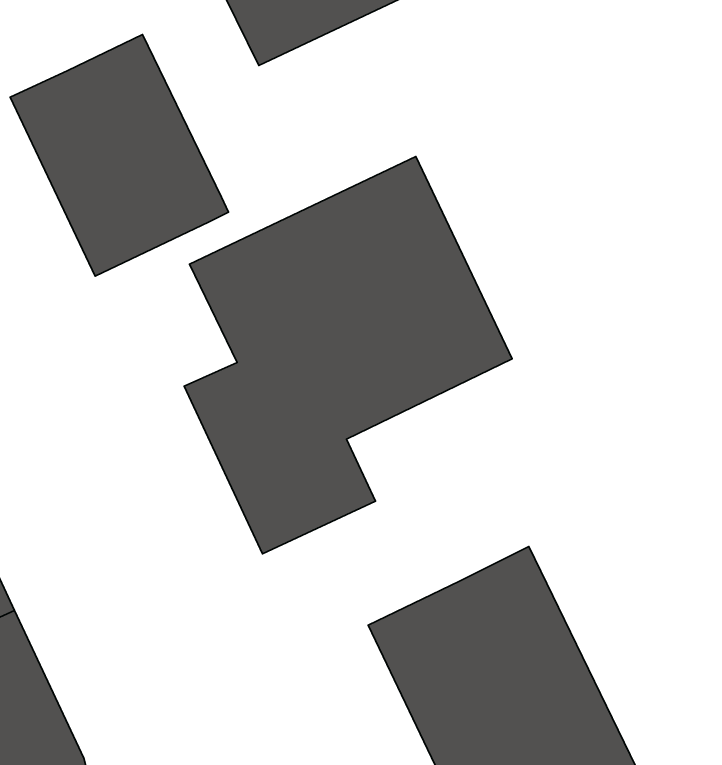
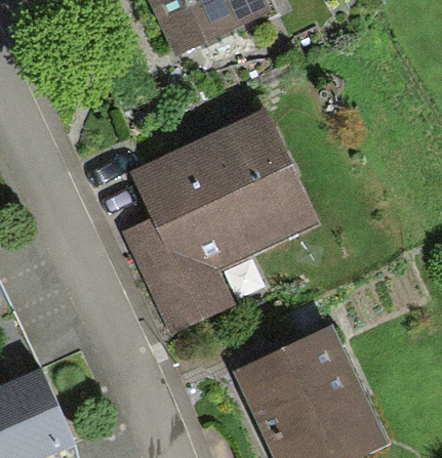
building: [10,34,228,276] -> none

